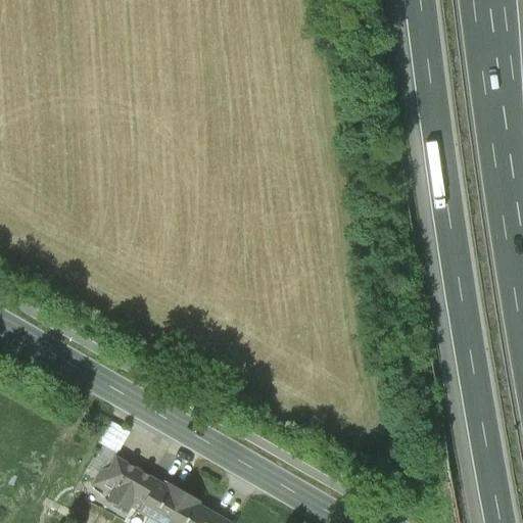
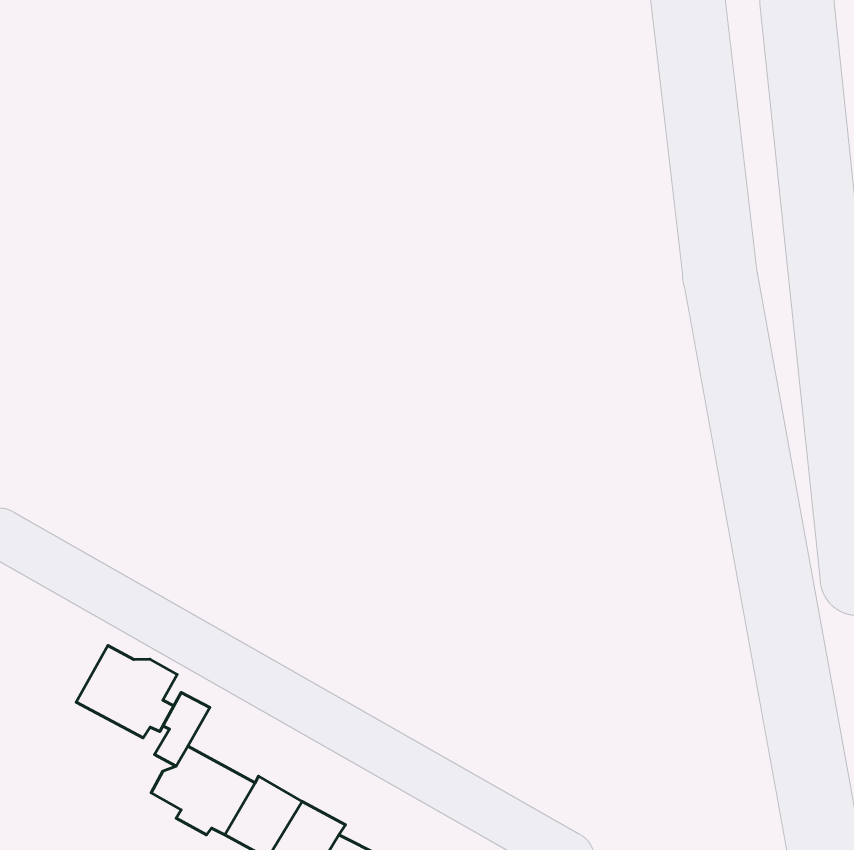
building: none -> [76,646,177,738]

